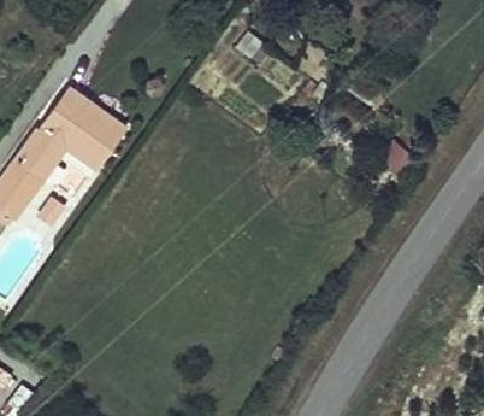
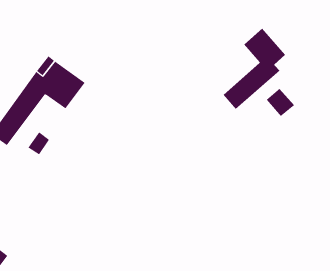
building: none -> [223,28,286,110]

